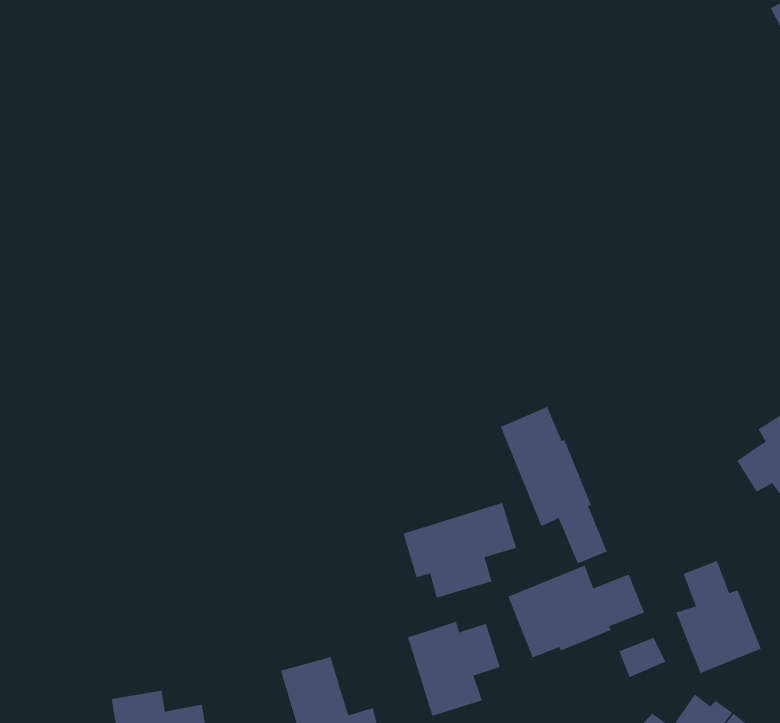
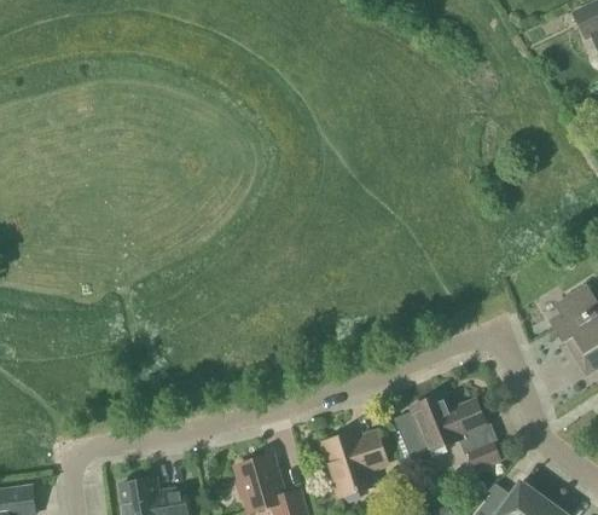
building: [500,406,608,564] -> none
building: [403,502,517,599] -> none
building: [675,560,762,674] -> none

